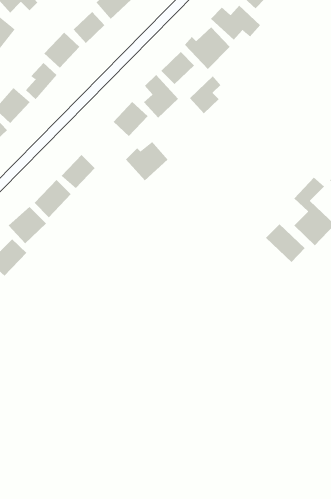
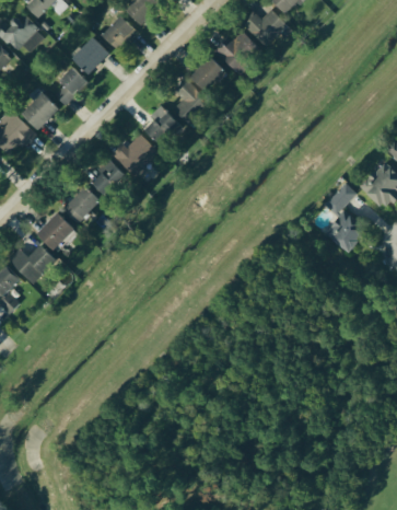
building: [189,75,221,114] -> none
building: [125,141,169,181] -> [114,134,157,174]
building: [265,223,306,263] -> none

